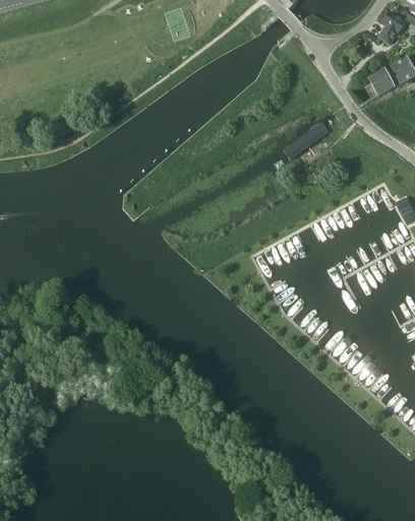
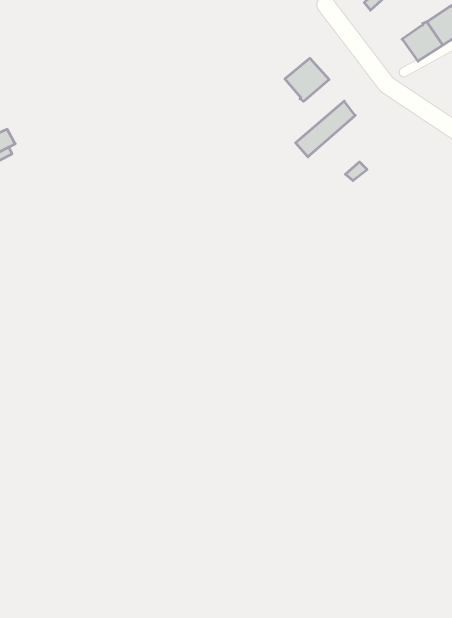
building: none -> [285,58,329,101]

